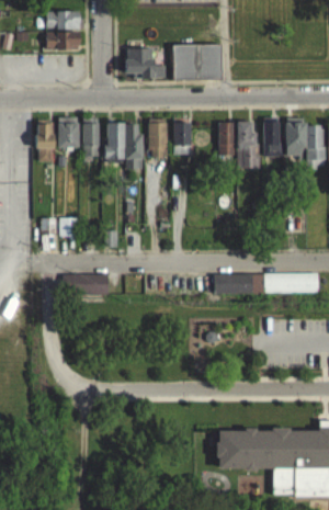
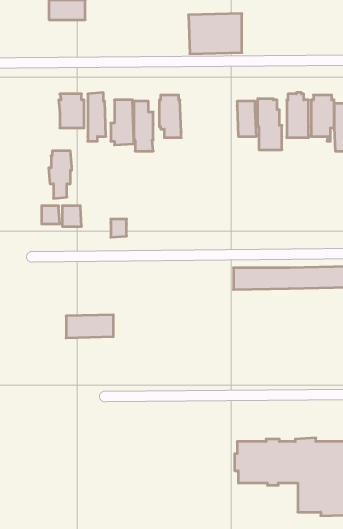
building: [127,48,155,79] -> none
building: [173,117,189,152] -> none
building: [34,118,55,161] -> [49,151,72,198]
building: [65,273,107,294] -> [66,315,113,338]

